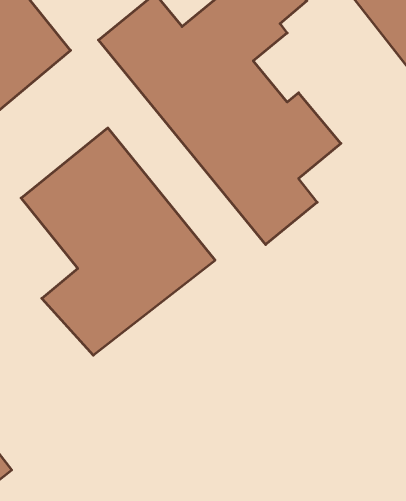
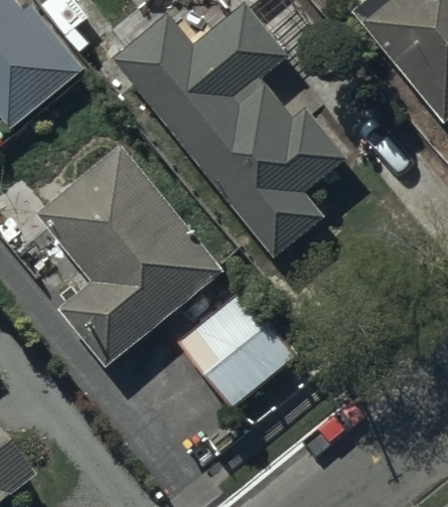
building: none -> [176,287,300,409]

